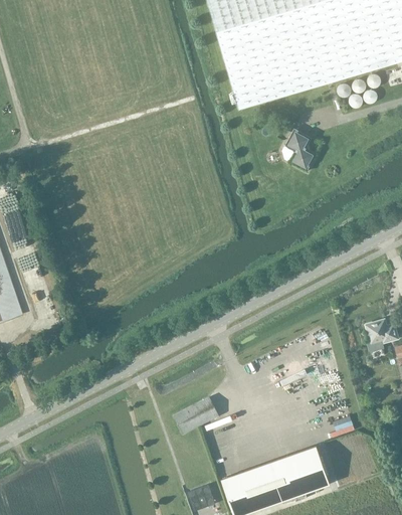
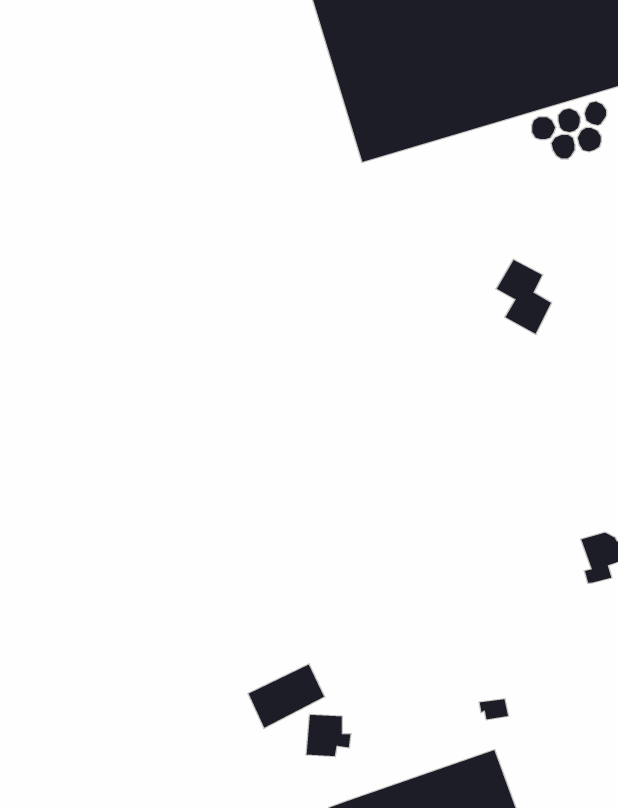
building: [283,129,316,172] -> [496,259,552,335]

